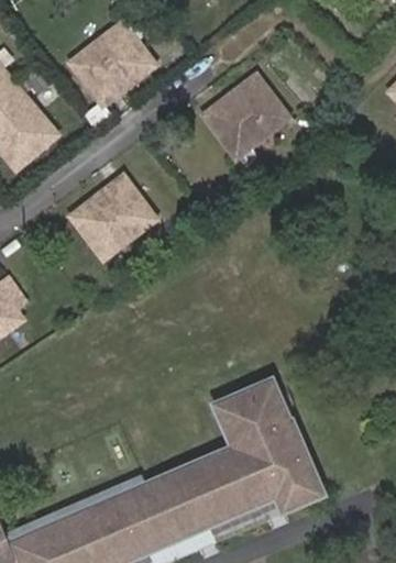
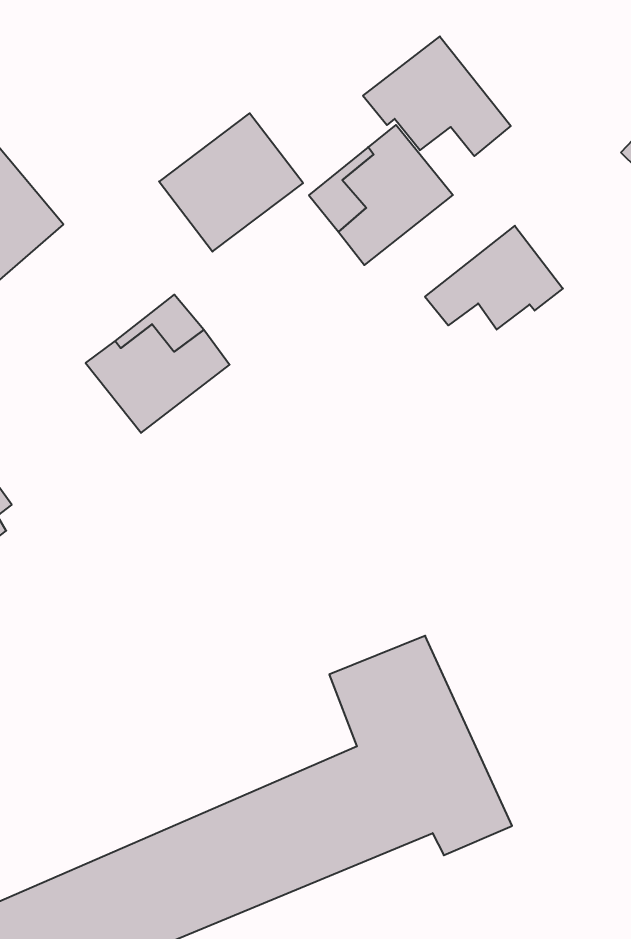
building: none -> [363,36,511,156]
building: [70,23,156,106] -> [159,113,303,252]
building: none -> [425,226,563,330]

